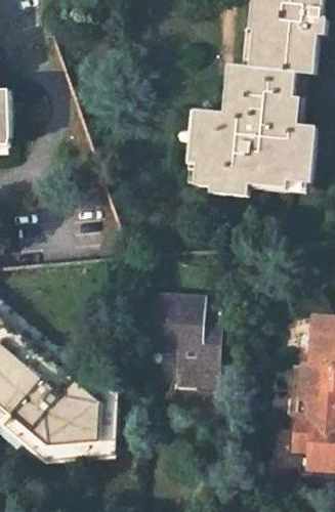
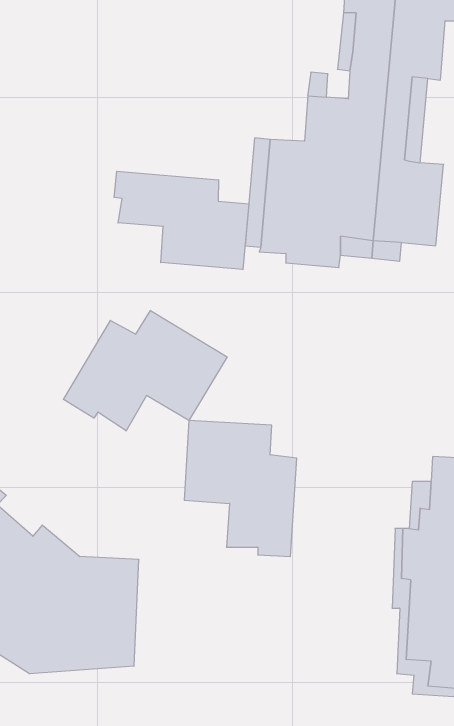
building: none -> [114,171,249,270]
building: none -> [63,310,227,431]

